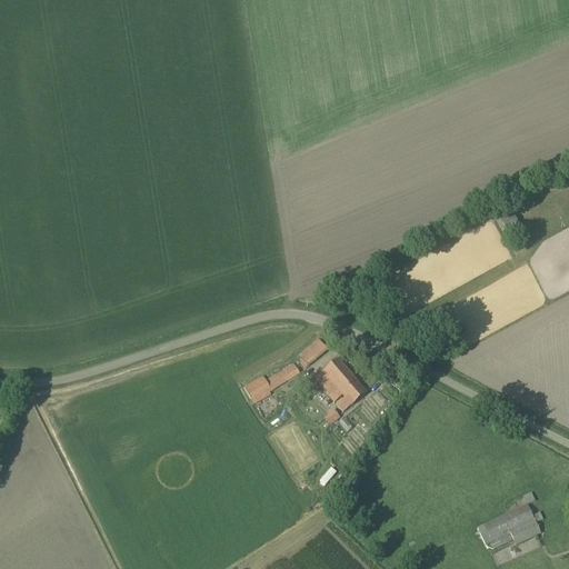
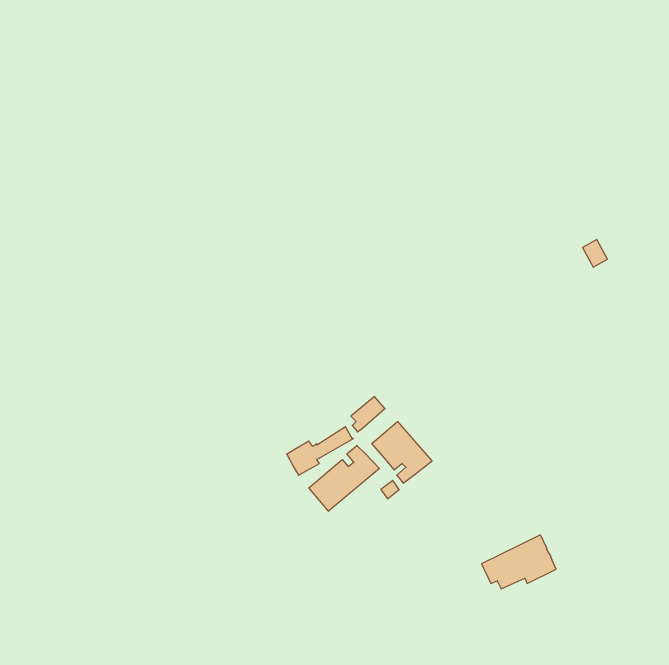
building: none -> [309,445,379,511]
building: [477,502,540,548] -> [482,535,556,589]

